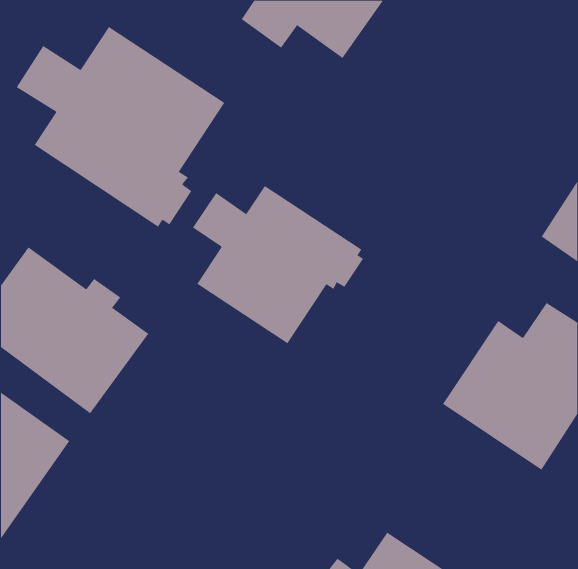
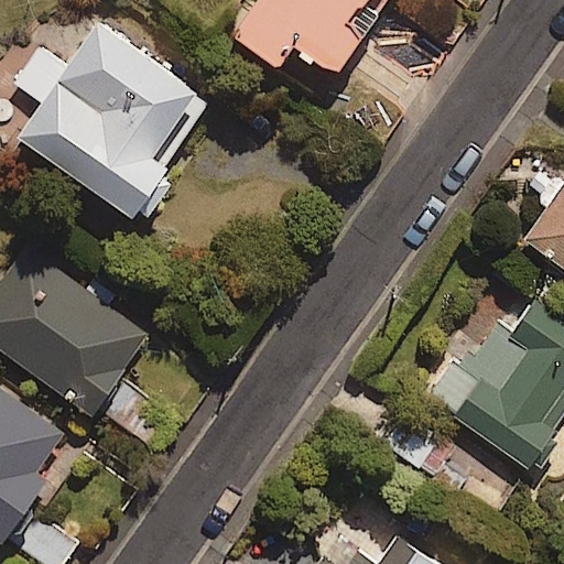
building: [192,185,364,344] -> none

